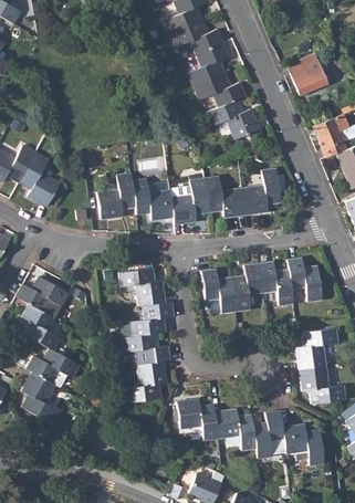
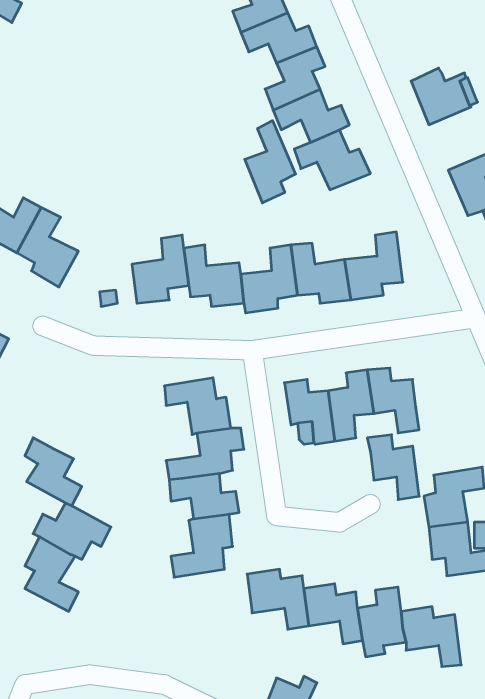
building: none -> [245,121,296,203]
building: [286,256,322,301] -> [367,435,419,500]
building: [18,281,71,316] -> none

